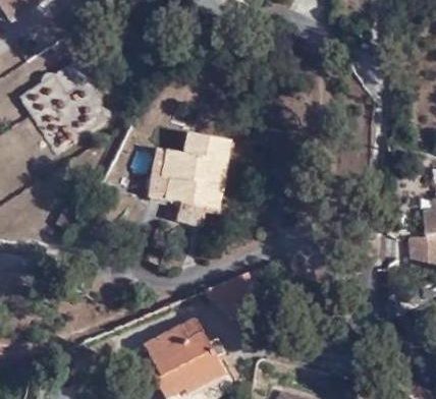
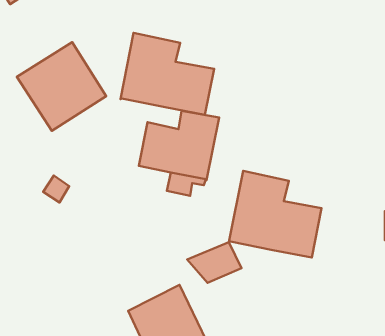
building: none -> [120,33,214,115]
building: none -> [229,171,322,258]

